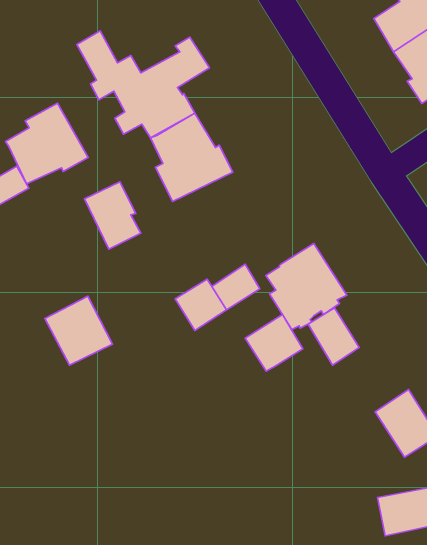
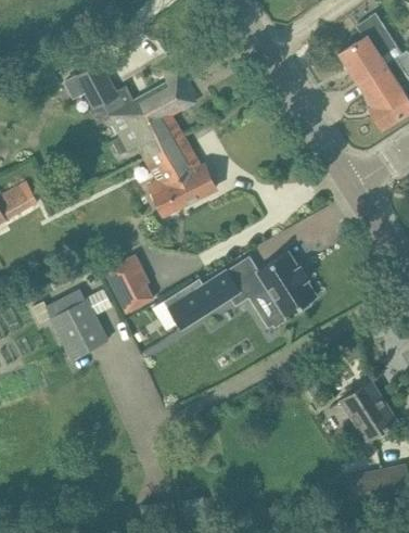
building: [5,103,88,184] -> none
building: [84,182,141,249] -> [103,255,153,315]
building: [308,308,359,365] -> none
building: [245,315,303,371] -> none

